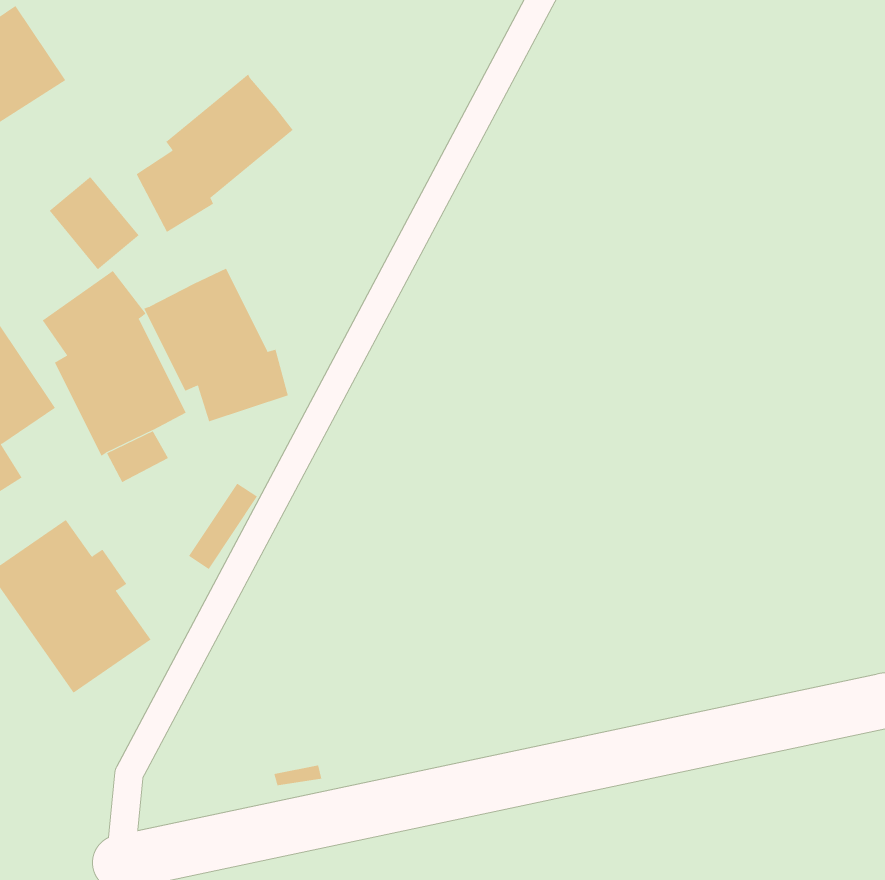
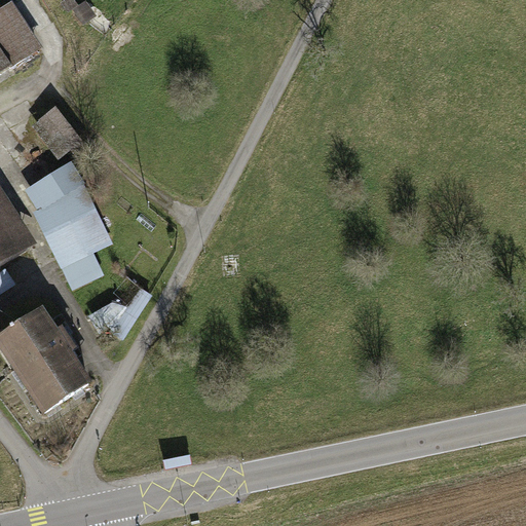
building: [136,74,293,233] -> none
building: [144,268,288,422] -> none

